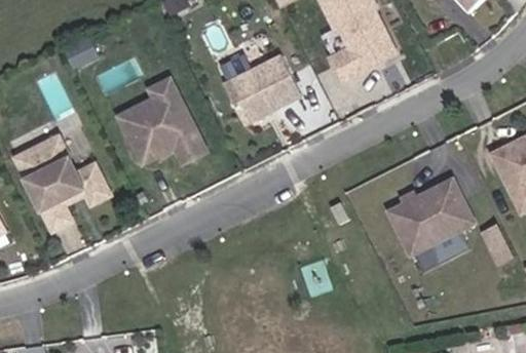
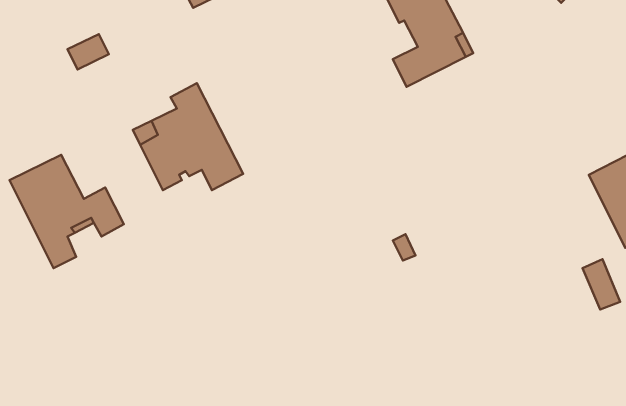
building: [218,55,301,123] -> none
building: [391,179,475,261] -> none

